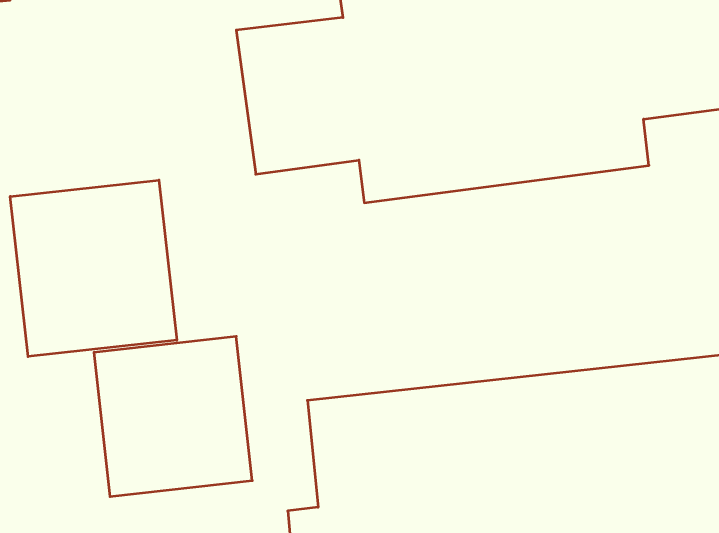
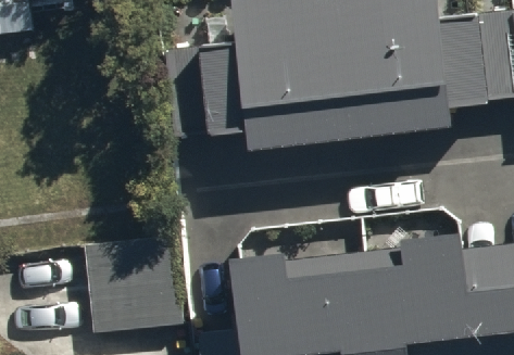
building: [10,180,177,357] -> none

